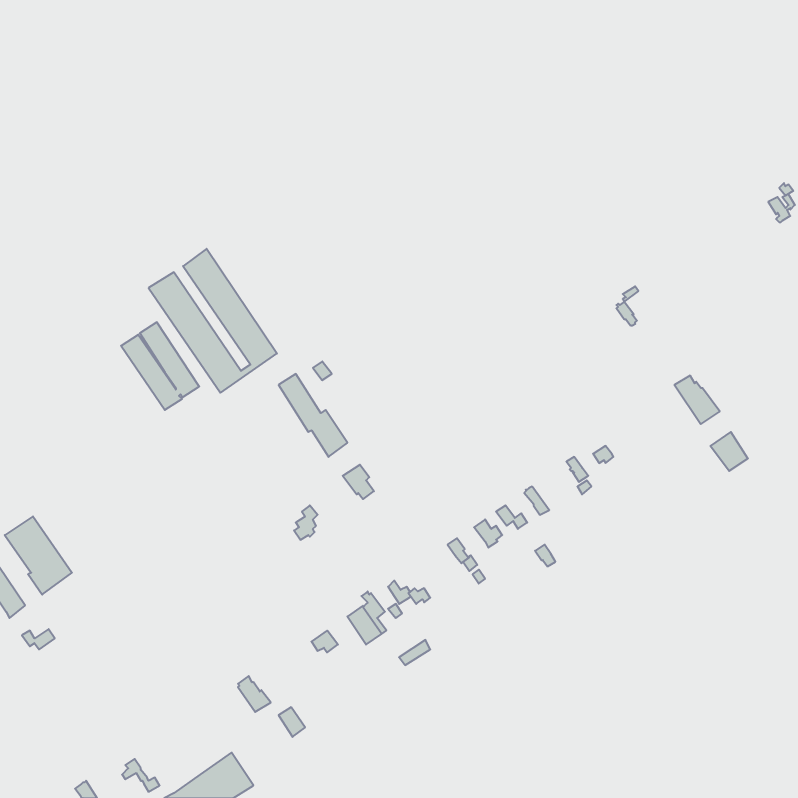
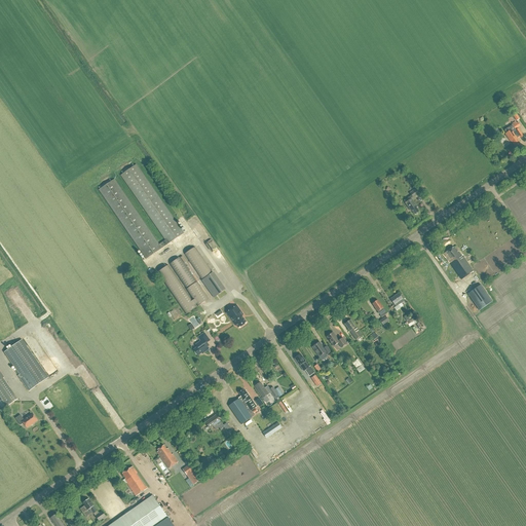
building: [121,322,199,410] -> [156,256,208,313]
building: none -> [121,465,147,495]

